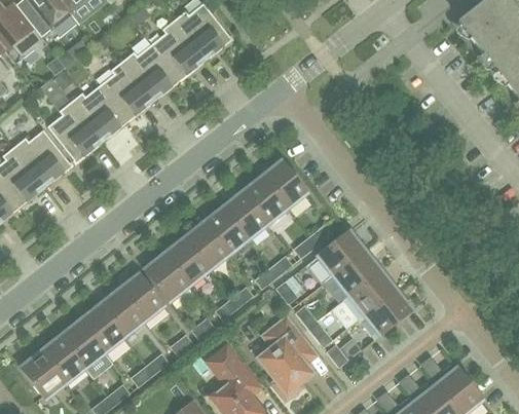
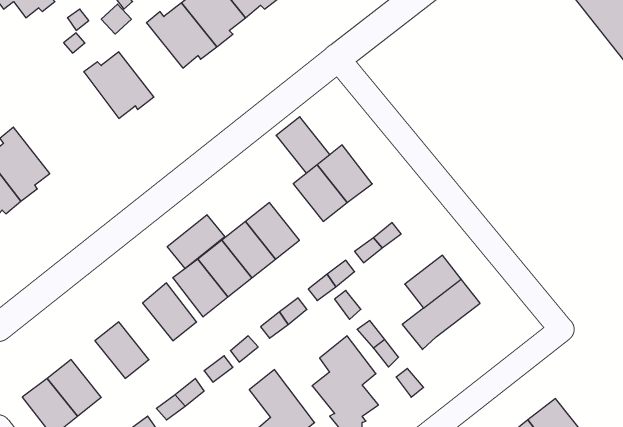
building: [100,61,152,121] -> none
building: [47,101,100,162] -> none
building: [13,129,72,184] -> none
building: [223,192,267,238] -> [276,117,330,173]
building: none -> [167,215,225,269]
building: [307,230,365,284] -> none
building: [100,290,144,336] -> none
building: [360,290,411,338] -> none
building: [61,321,105,367] -> none

